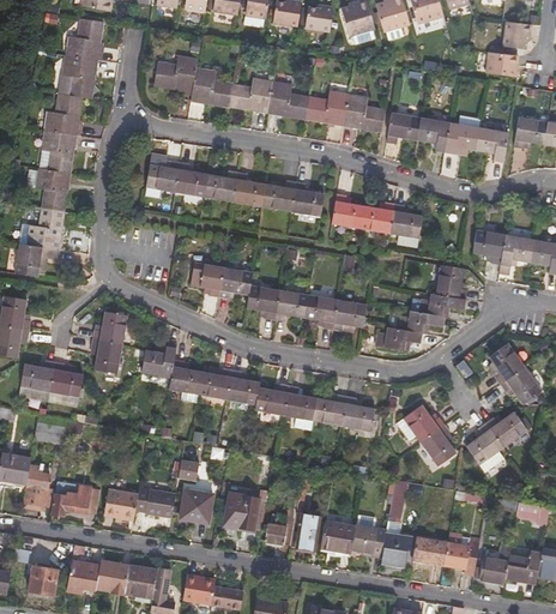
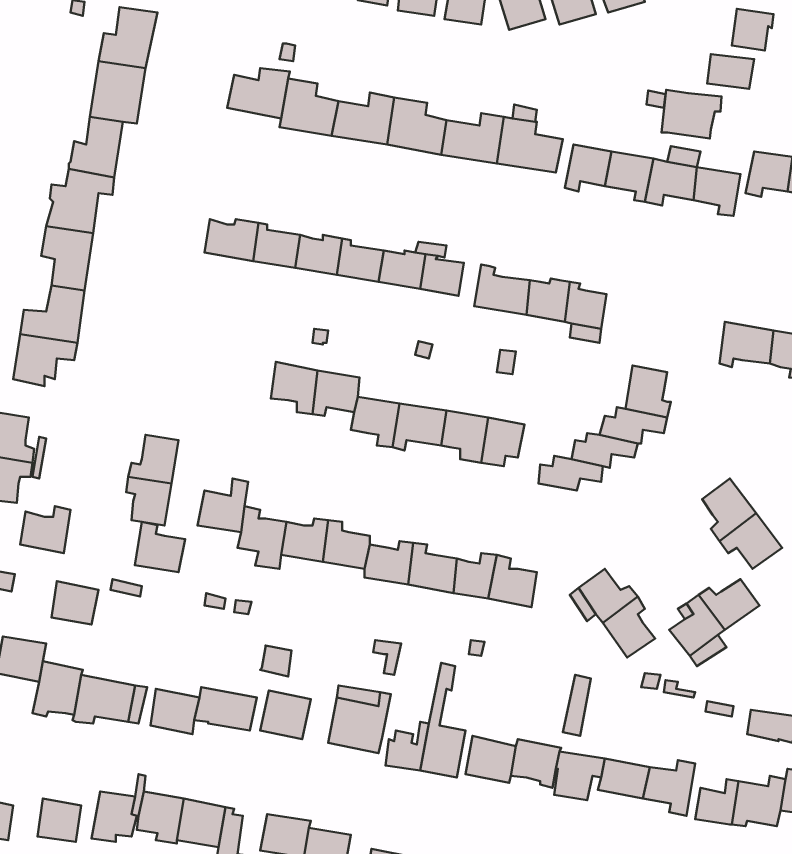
building: none -> [662,90,722,139]
building: [469,229,501,263] -> none
building: [46,363,80,398] -> [135,522,185,572]

